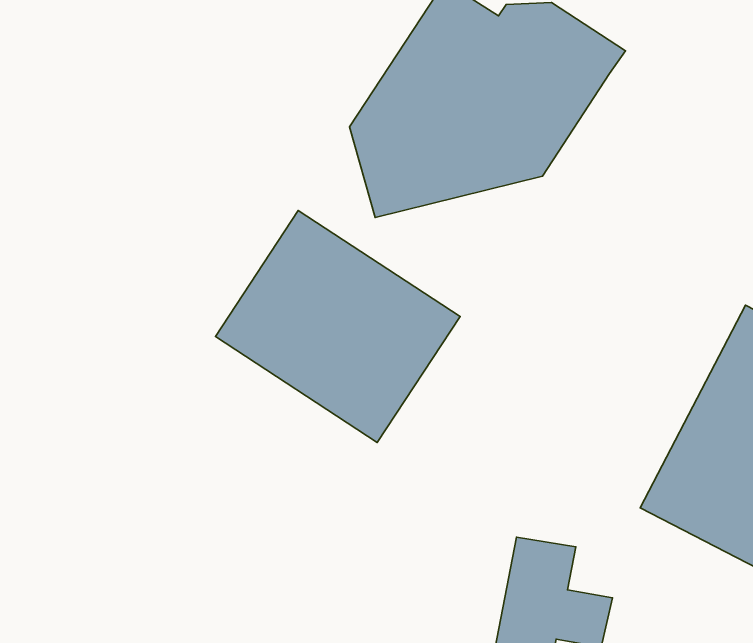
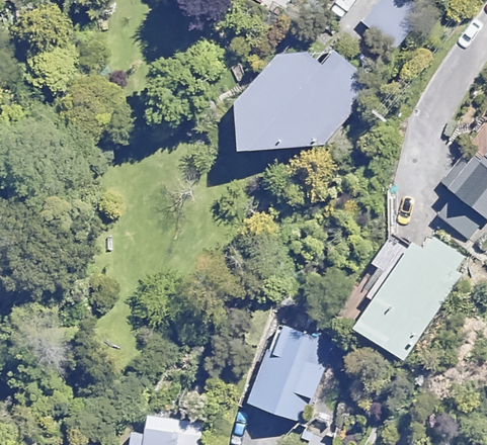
building: [215,211,460,442] -> none

